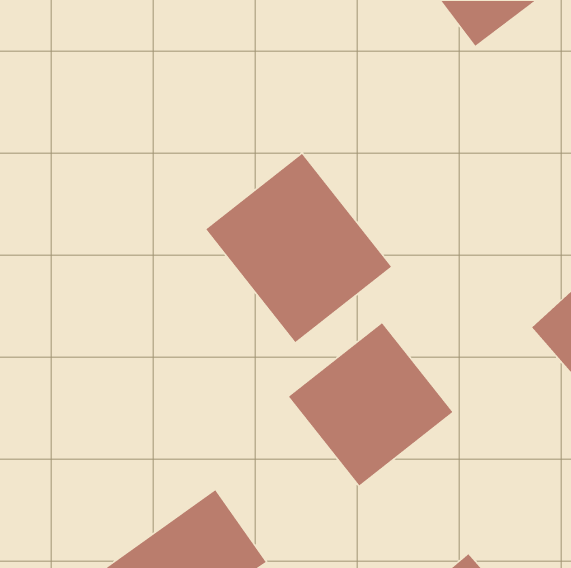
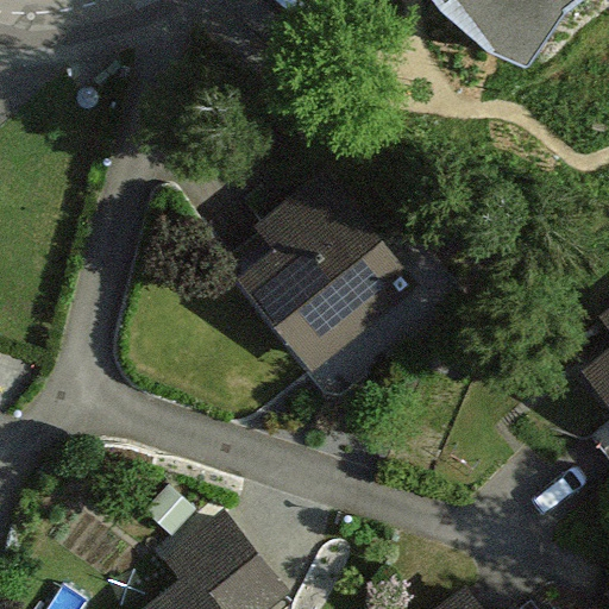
building: [288,322,453,487] -> none

